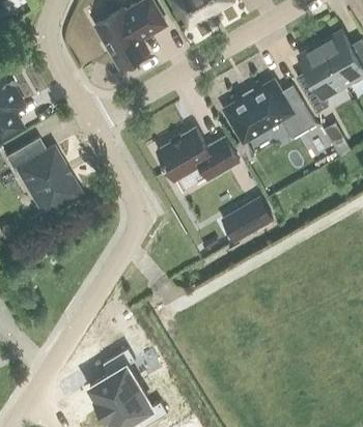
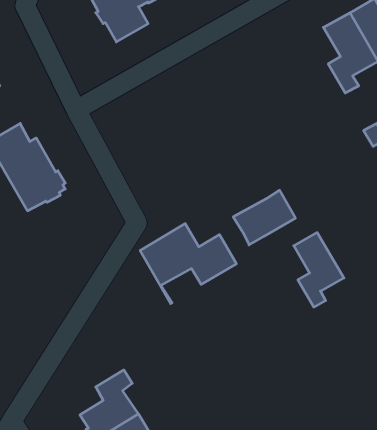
building: [225,83,315,141] -> none
building: [157,129,239,197] -> [140,224,236,304]
building: none -> [294,233,344,307]

